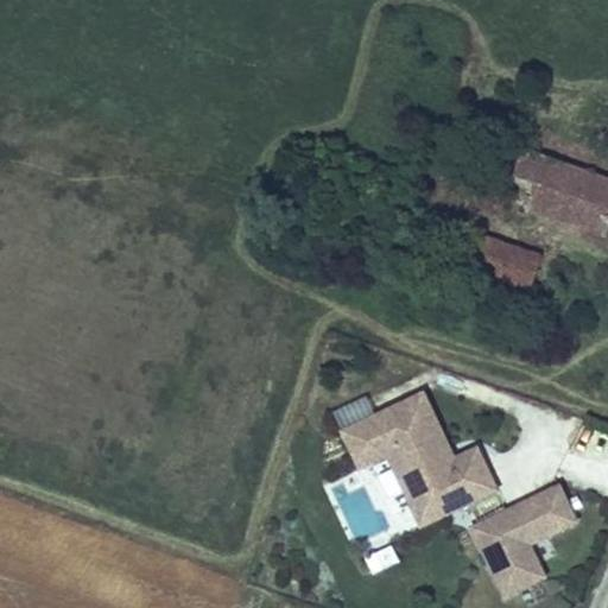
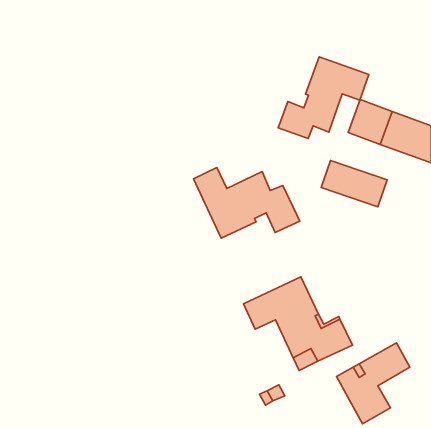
building: none -> [278,57,369,138]
building: none -> [193,168,300,238]

